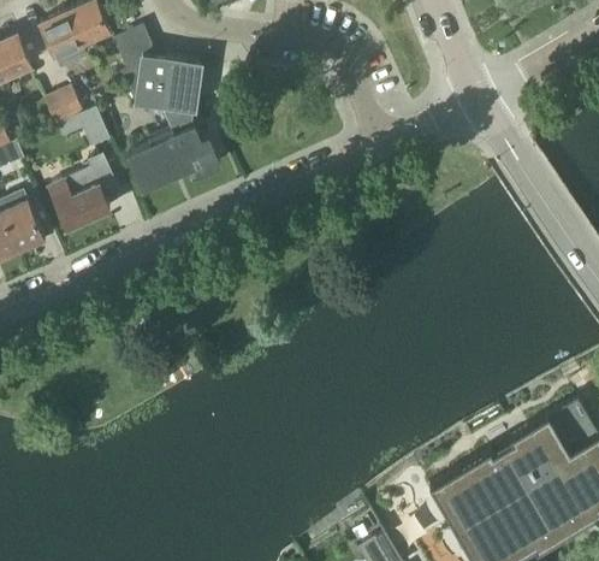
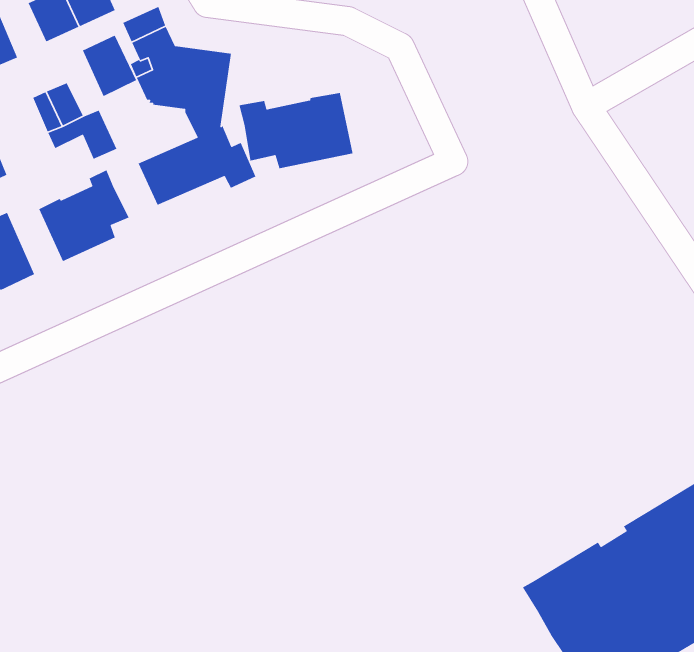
building: none -> [82,35,137,97]
building: none -> [239,92,353,169]

